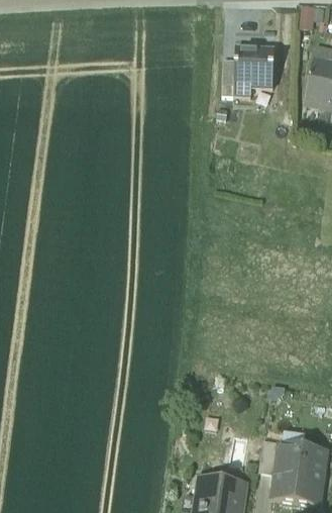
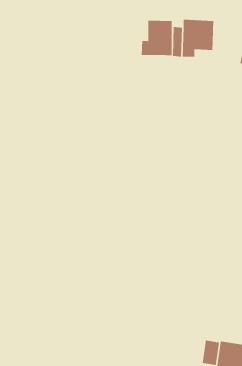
building: none -> [141,20,172,56]

